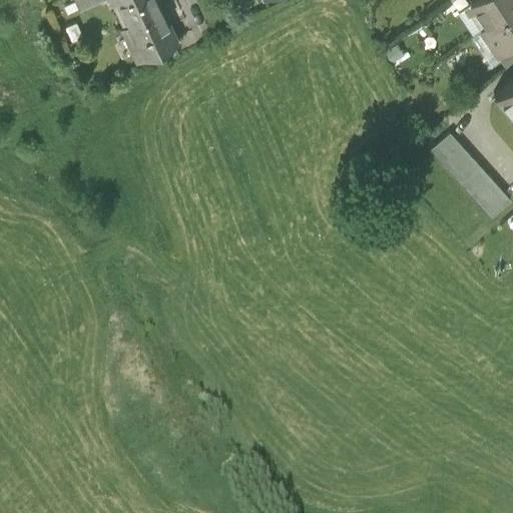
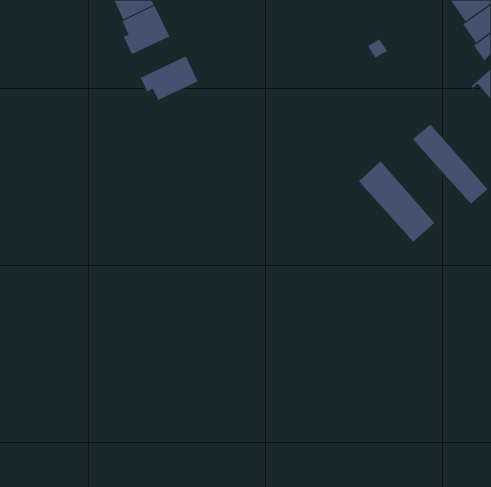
building: none -> [140,56,198,101]
building: none -> [358,160,435,242]

